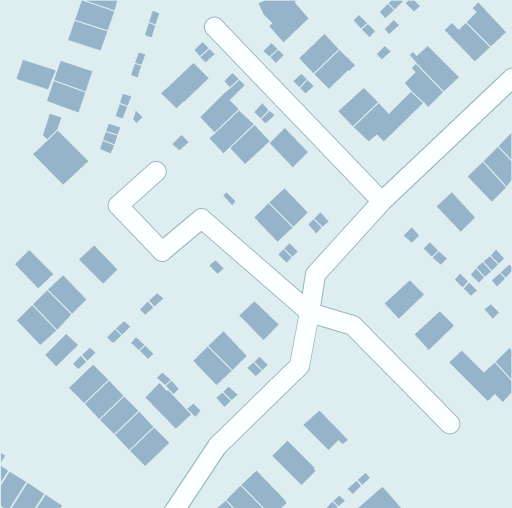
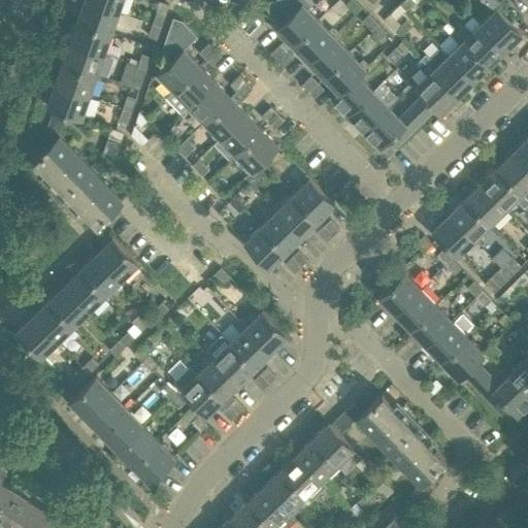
building: none -> [158,21,199,93]
building: none -> [292,23,334,64]
building: none -> [448,38,489,84]
building: [16,59,57,90] -> [62,45,104,77]
building: none -> [332,77,374,119]
building: none -> [190,85,230,125]
building: [269,127,309,168] -> [293,180,334,223]
building: none -> [65,170,123,227]
building: none -> [465,186,506,228]
building: none -> [432,217,474,259]
building: none -> [244,228,286,270]
building: none -> [97,240,138,282]
building: [14,249,54,289] -> [65,271,106,312]
building: none -> [378,275,422,317]
building: none -> [410,307,453,349]
building: none -> [230,329,271,370]
building: none -> [441,339,484,382]
building: [44,333,79,367] -> none
building: none -> [336,397,446,506]
building: [145,382,192,429] -> [174,368,223,417]
building: none -> [296,441,338,486]
building: none -> [264,473,306,519]

